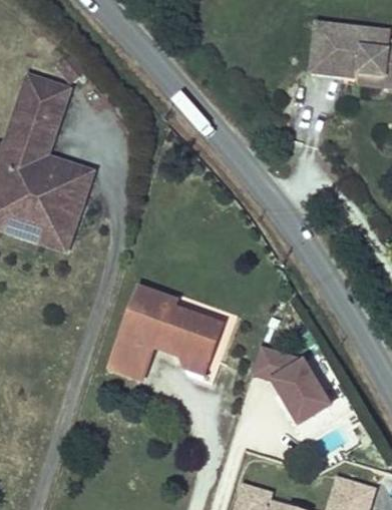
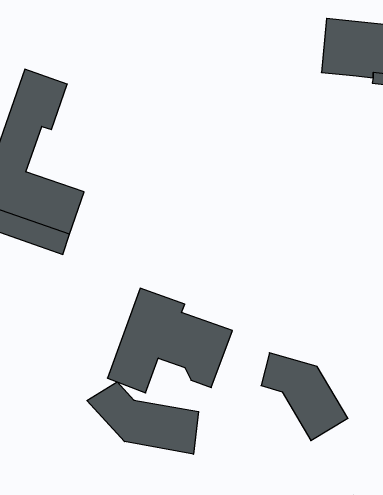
building: [29,127,91,189] -> none
building: none -> [87,382,199,454]

